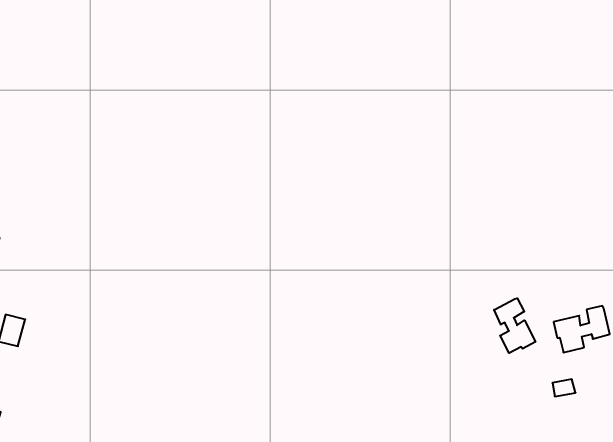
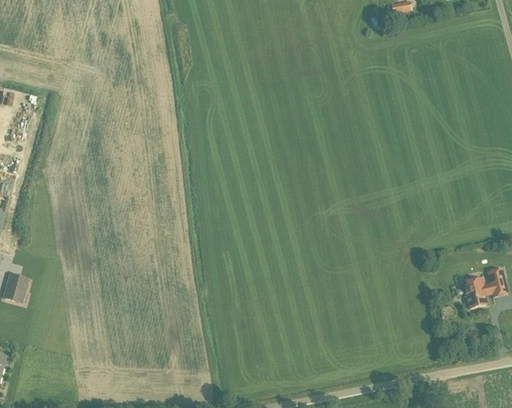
building: [494,298,535,353] -> none

